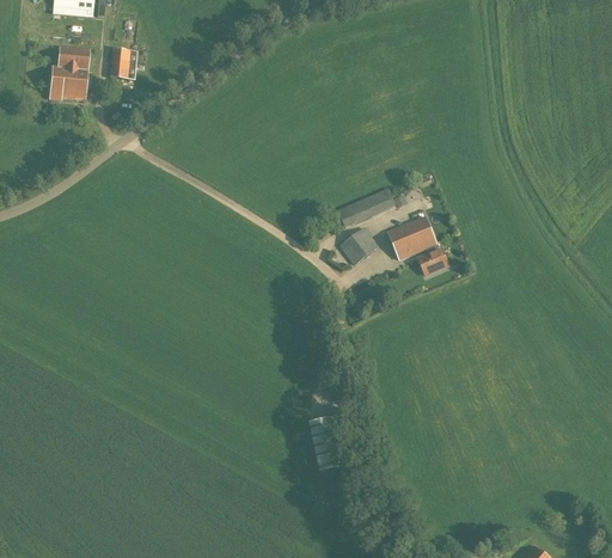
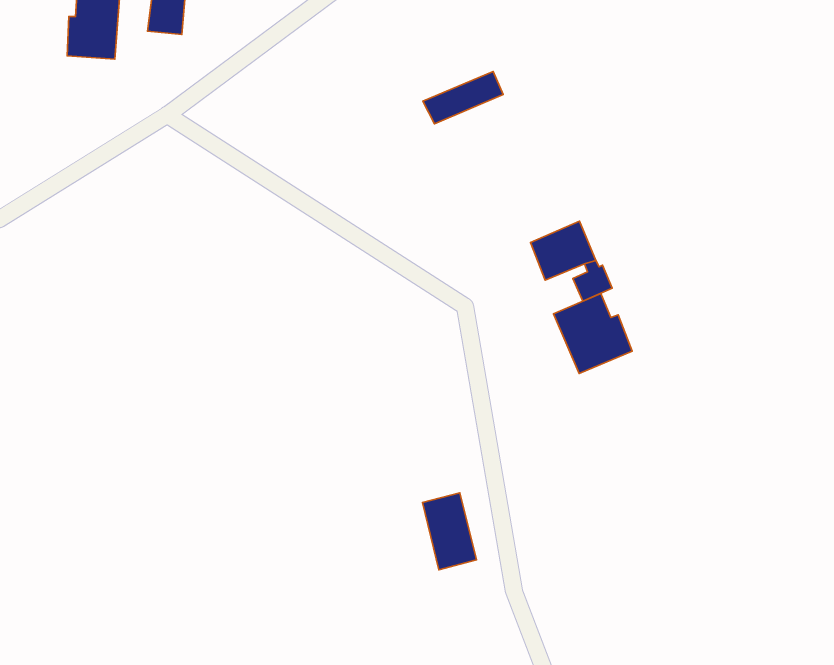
building: [337,189,396,227] -> [423,72,503,124]
building: [339,227,379,264] -> none
building: none -> [554,293,632,374]

